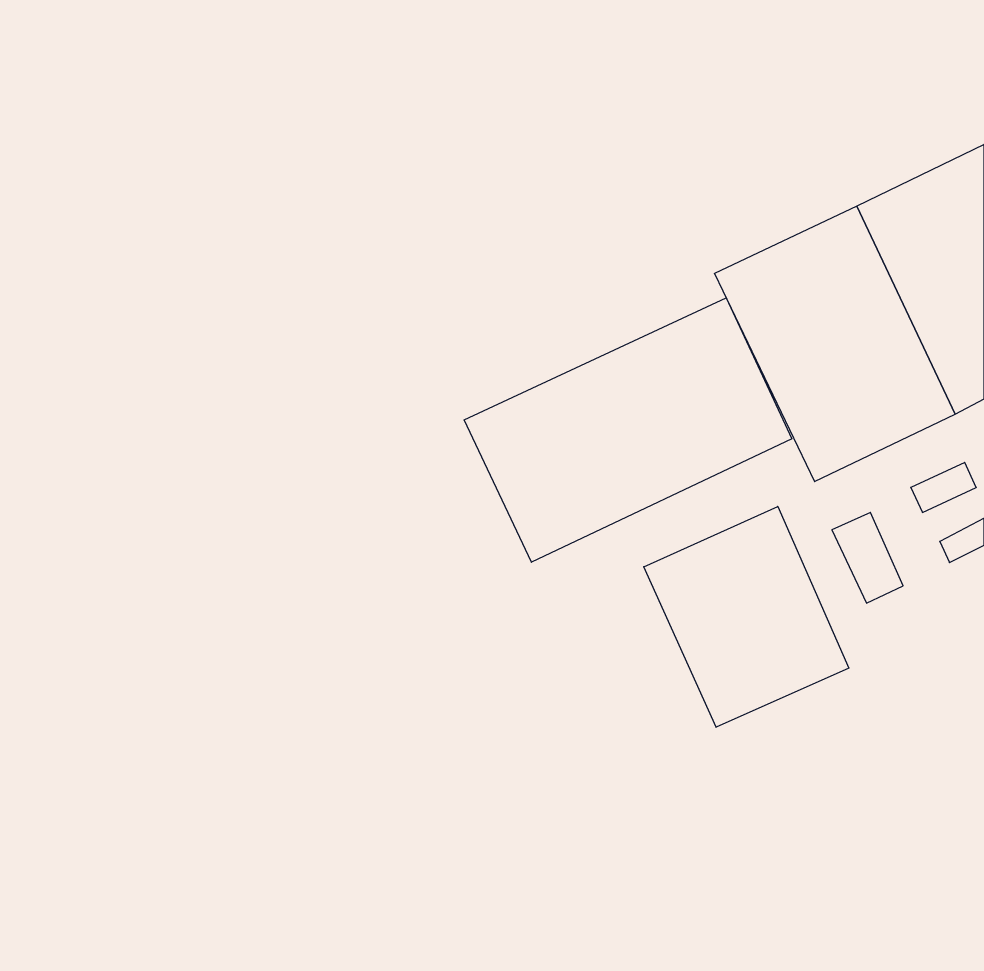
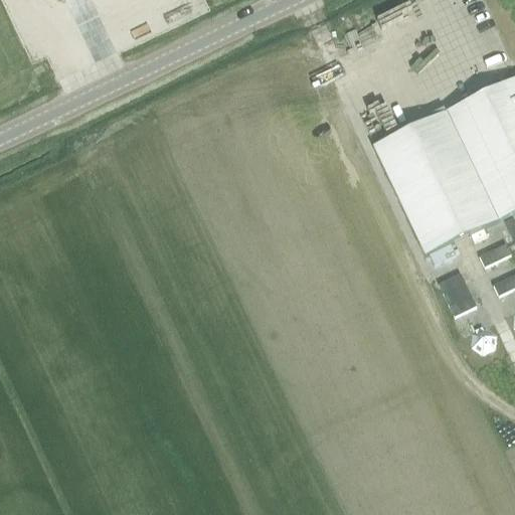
building: [464,298,792,562] -> none
building: [644,506,849,727] -> none

